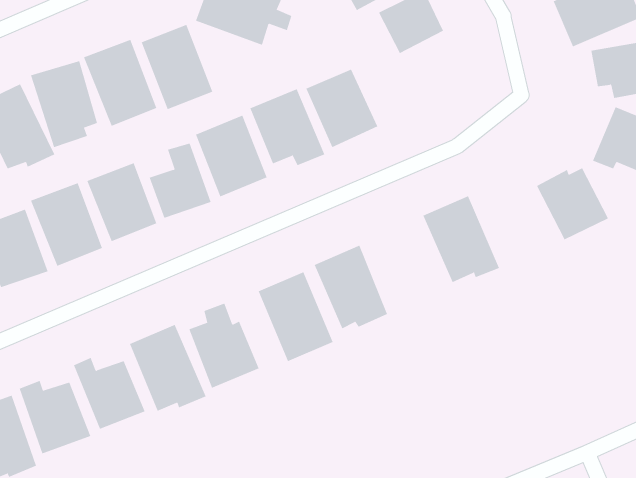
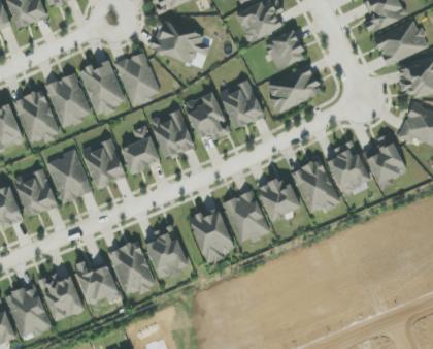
building: none -> [265,63,322,112]
building: none -> [326,141,371,193]
building: none -> [260,177,299,218]

